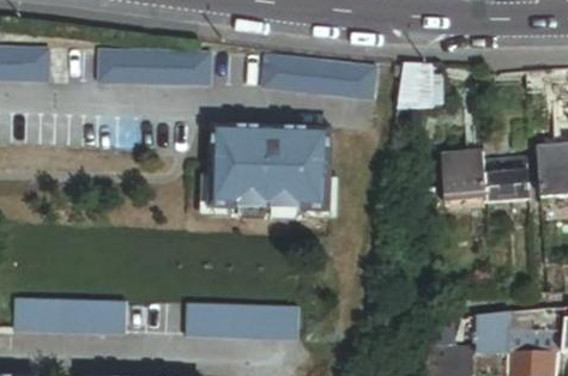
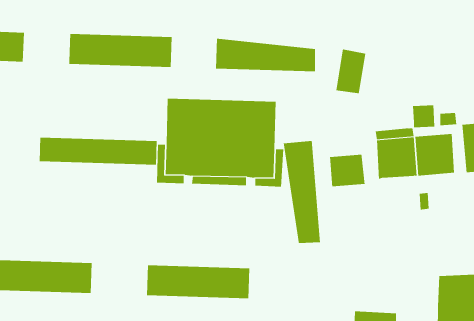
building: none -> [39,137,157,165]
building: none -> [283,140,320,244]
building: none -> [329,154,365,187]
building: [471,313,508,348] -> none

